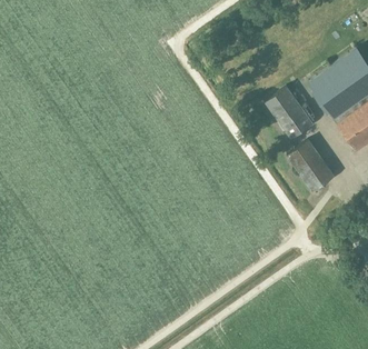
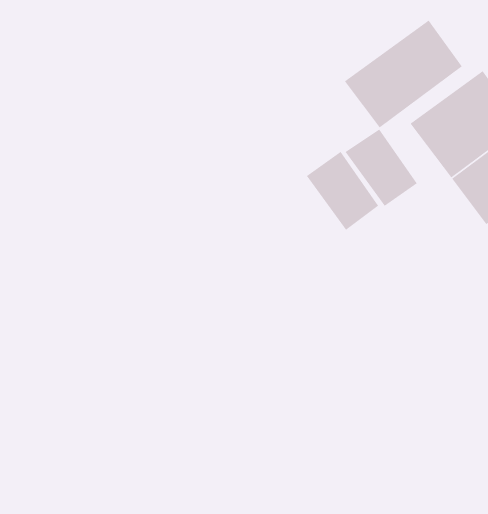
building: none -> [344,19,463,129]
building: [286,139,335,192] -> [306,151,379,231]

